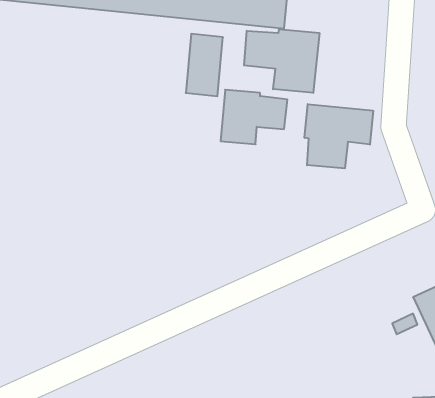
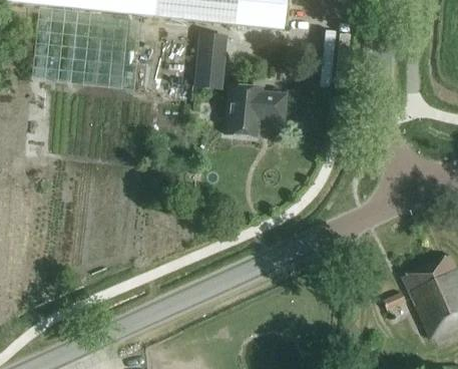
building: [244,29,319,93] -> none
building: [305,104,373,168] -> none

